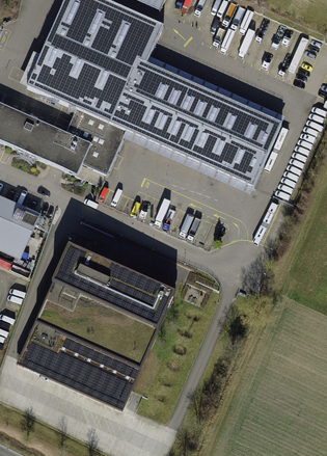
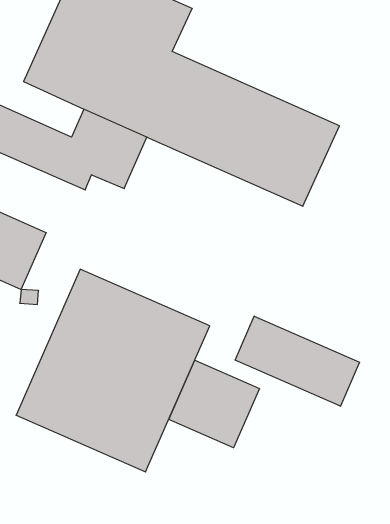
building: none -> [235,316,359,406]
building: none -> [169,360,260,448]

